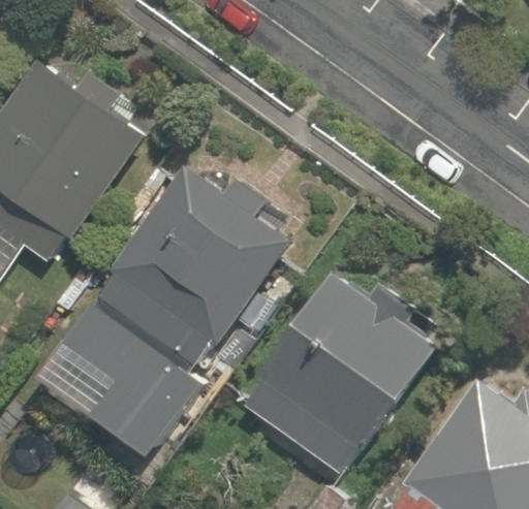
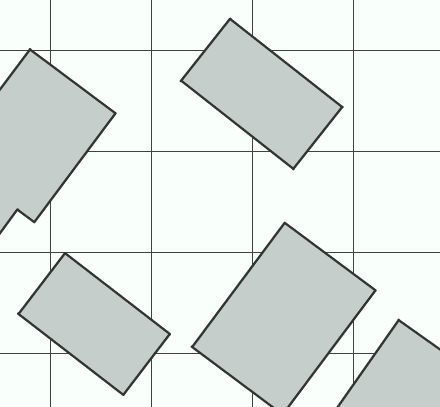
building: none -> [181,19,342,169]
building: [99,161,291,359] -> none

